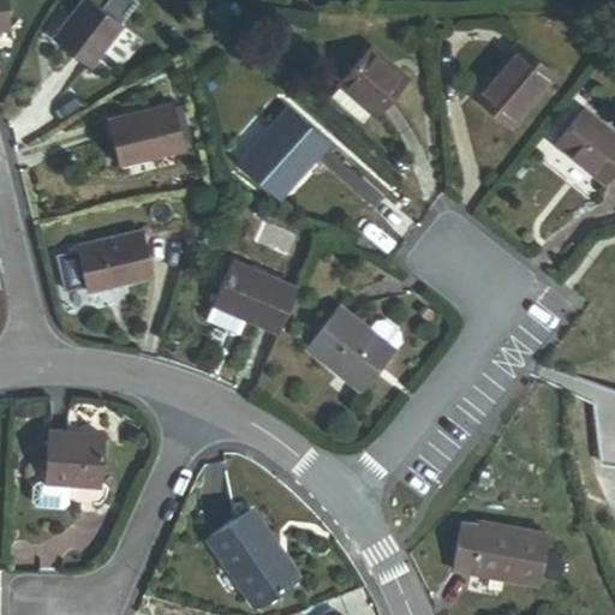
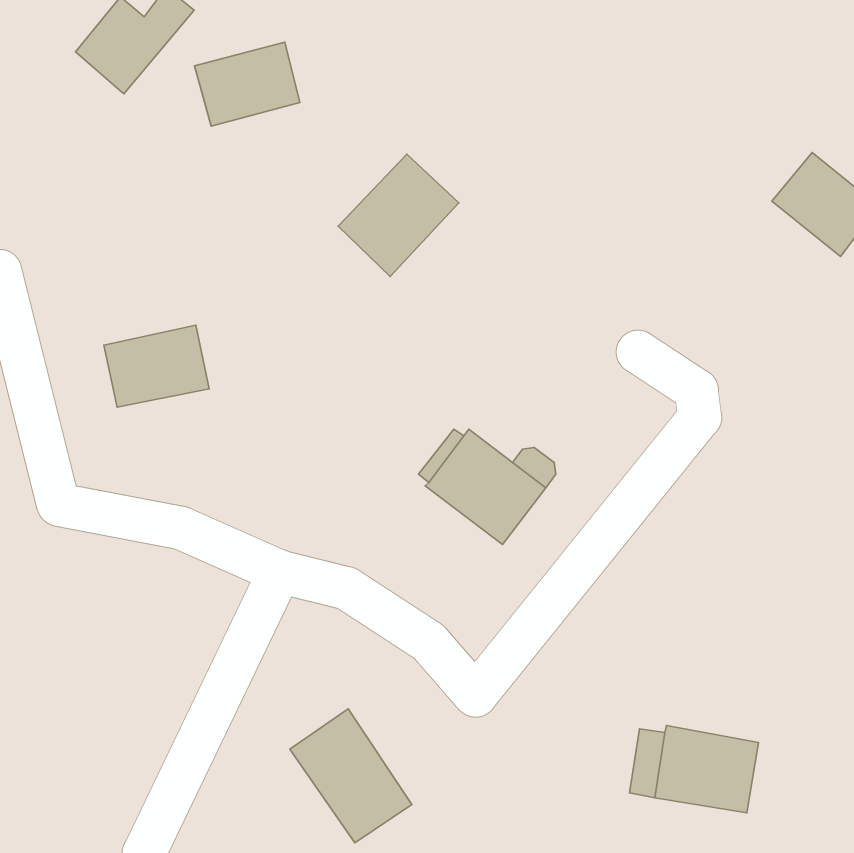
building: [478,47,554,125] -> none
building: [335,52,410,125] -> none
building: [108,103,184,163] -> [195,42,300,126]
building: [205,259,297,333] -> none
building: [44,429,101,485] -> none

